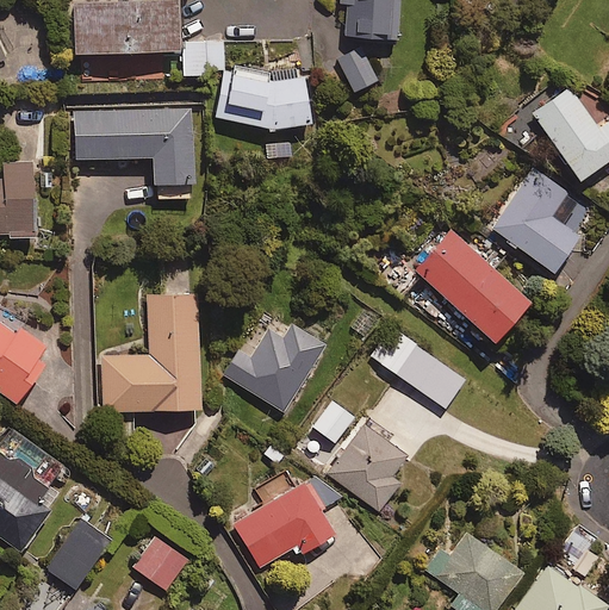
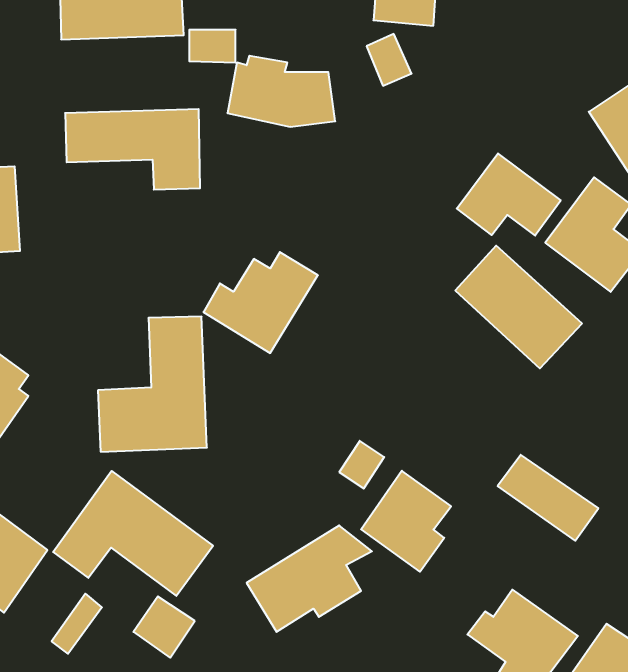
building: none -> [457,153,561,236]
building: [224,324,324,412] -> [203,252,318,353]
building: [377,334,465,409] -> [498,455,598,541]
building: none -> [53,471,213,596]

